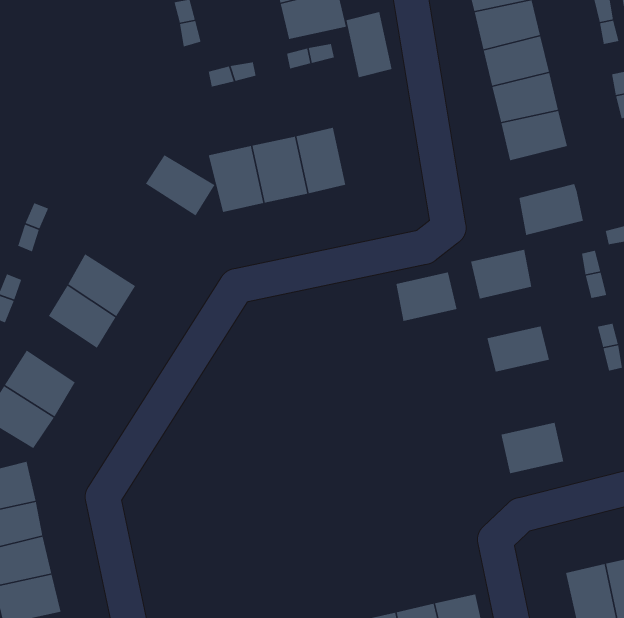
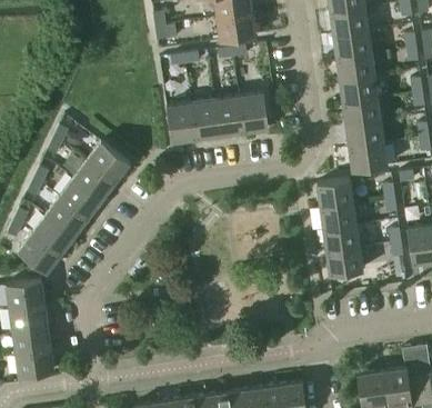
building: [345,11,393,78] -> [242,92,268,131]
building: none -> [345,120,383,148]
building: [145,154,215,216] -> [87,141,129,180]
building: [396,271,457,322] -> [320,202,355,230]
building: none -> [47,193,89,235]
building: [500,422,564,474] -> [325,247,362,276]

